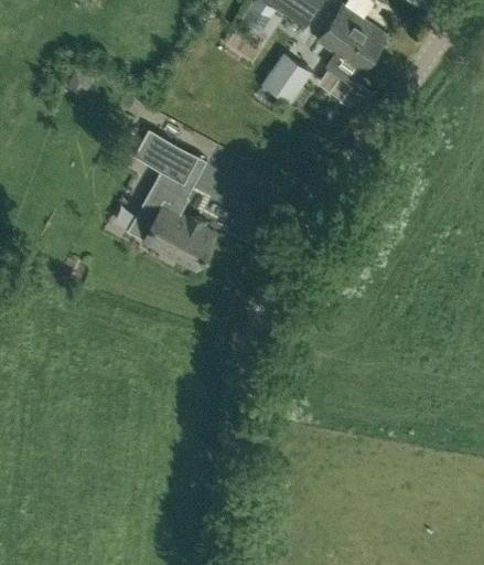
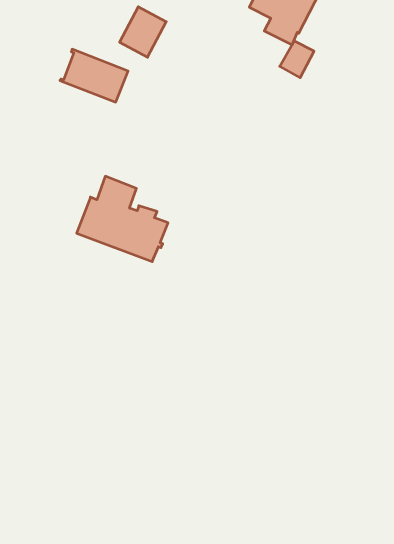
building: [262,54,309,103] -> [120,7,166,57]
building: [133,129,198,184] -> [60,49,128,102]

